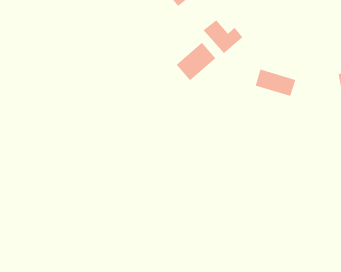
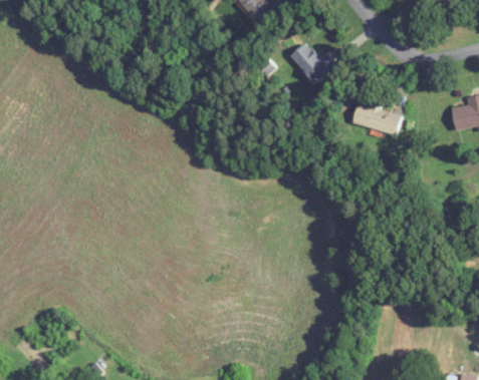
building: [176,42,216,81] -> none

